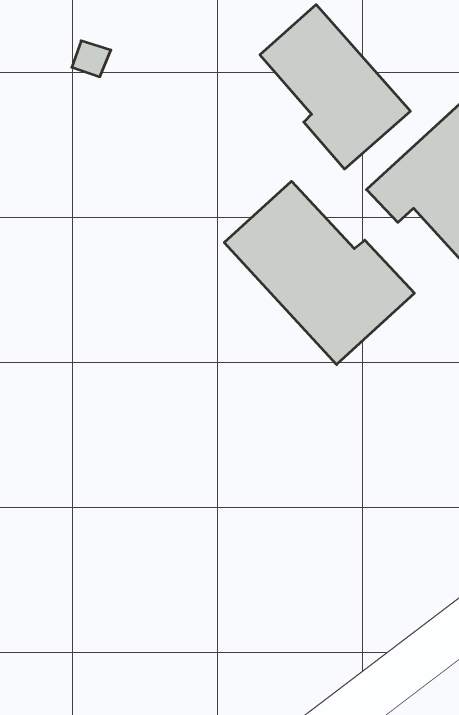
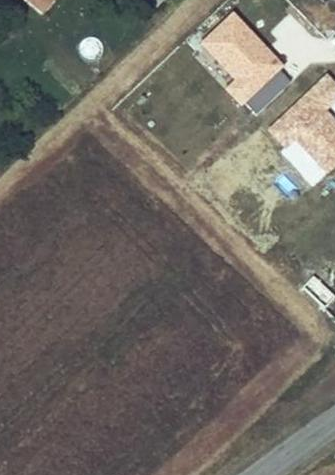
building: [224,181,414,365] -> none

